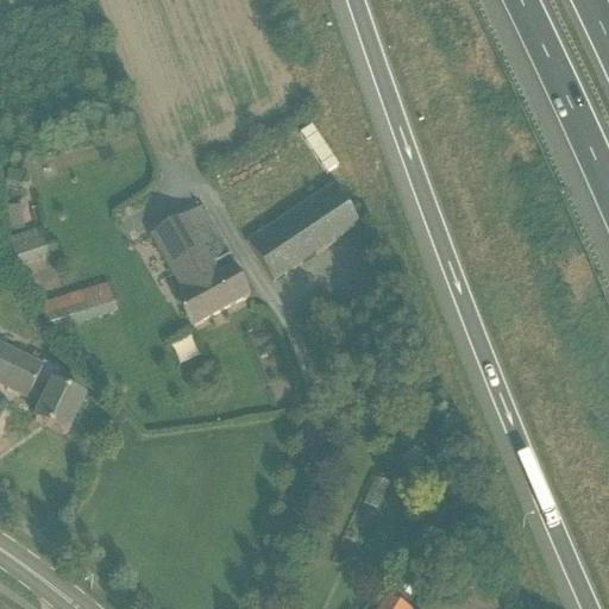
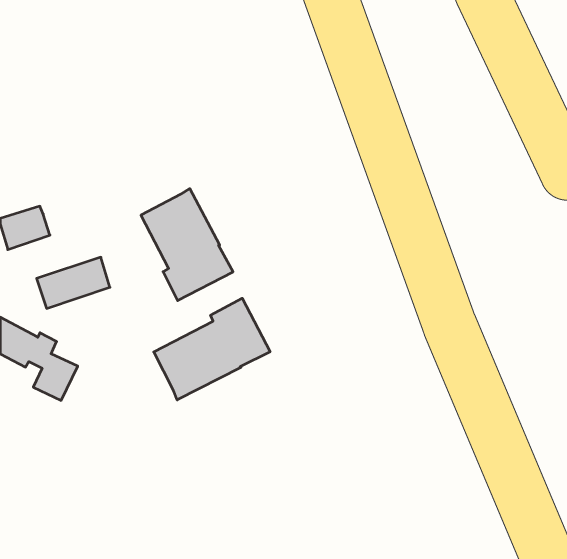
building: [246,171,359,277] -> none
building: none -> [154,298,270,400]

